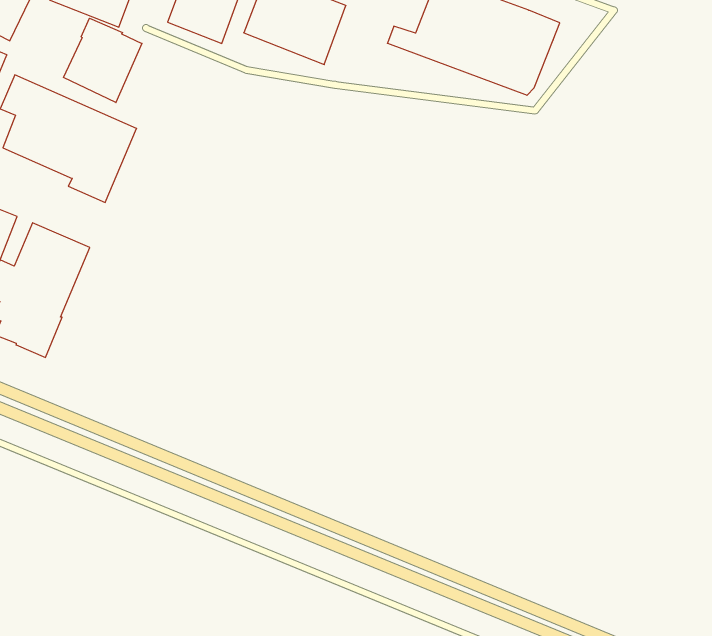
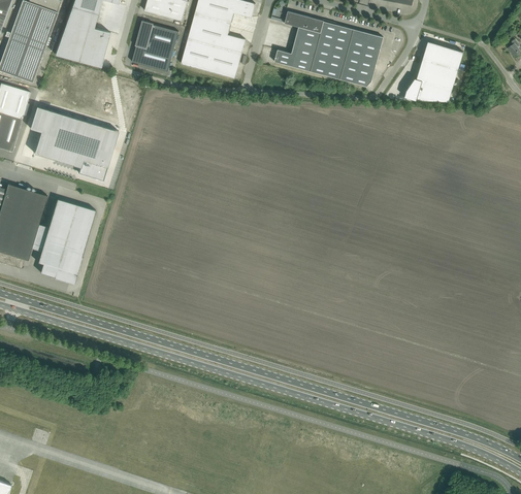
building: [64,18,142,103] -> none
building: none -> [403,40,462,101]

